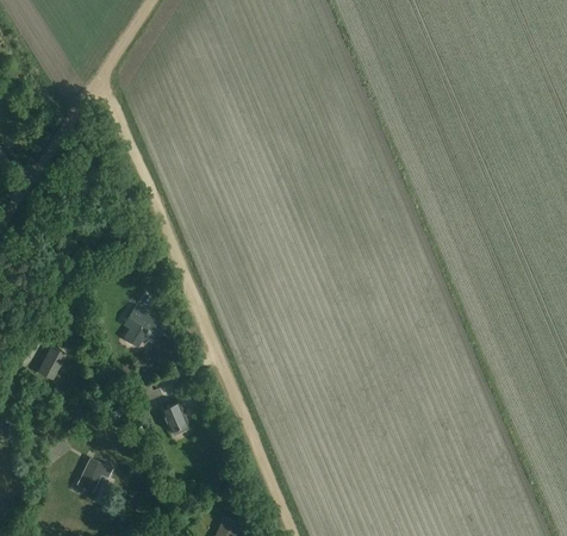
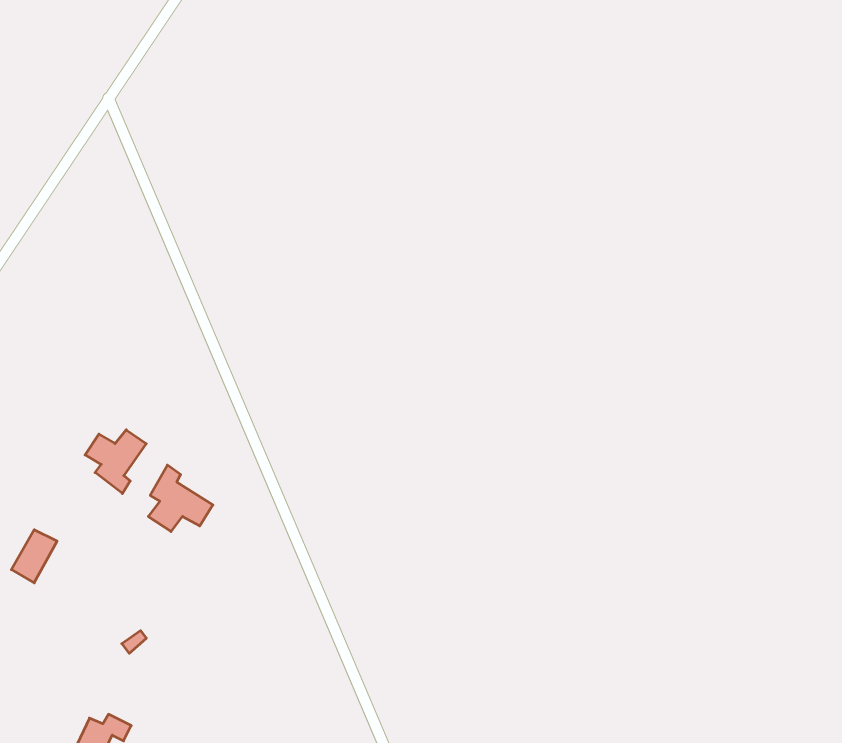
building: none -> [85,430,146,494]
building: [162,400,191,430] -> none

